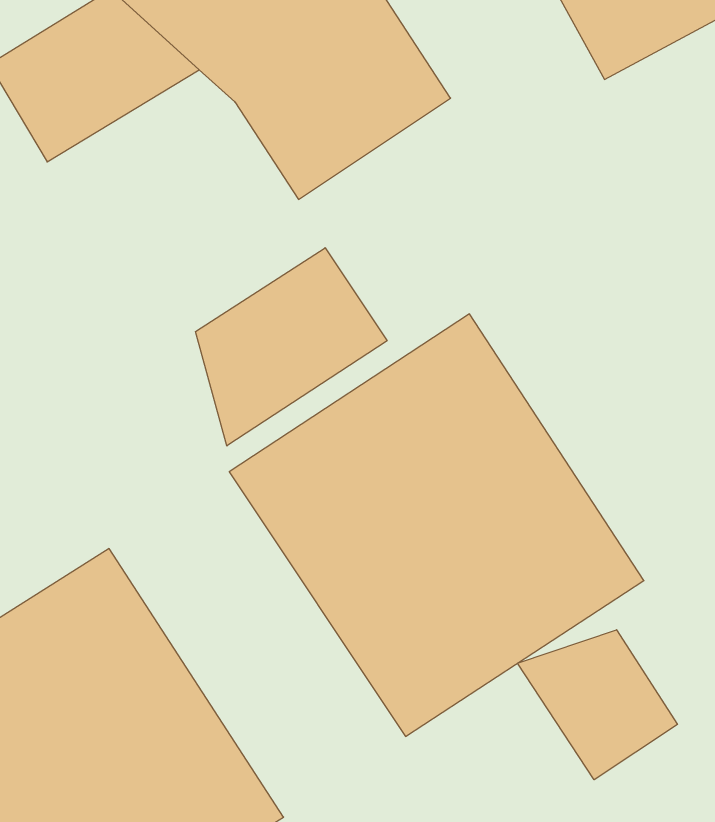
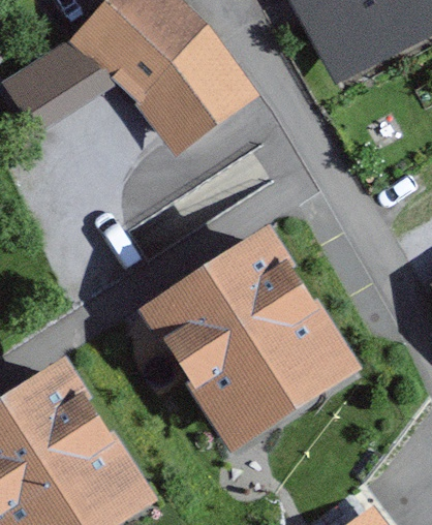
building: [195,248,387,446] -> none
building: [518,630,677,780] -> none

